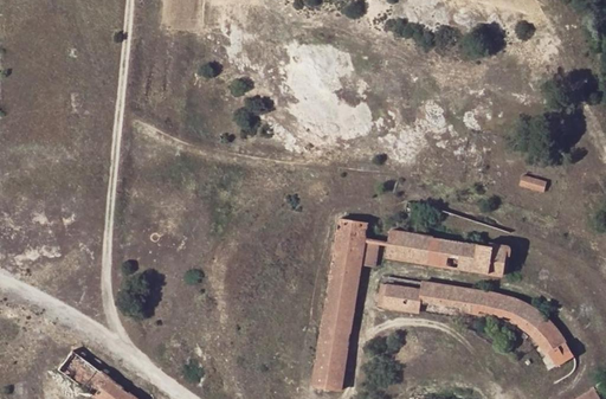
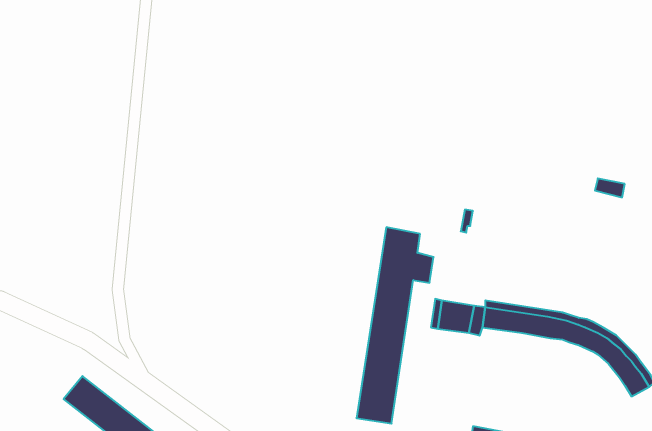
building: [387,229,508,276] -> none

